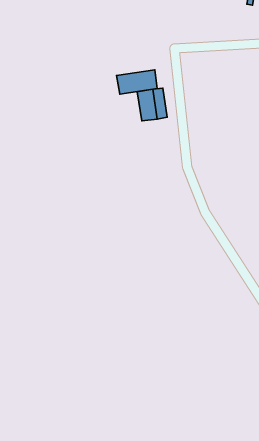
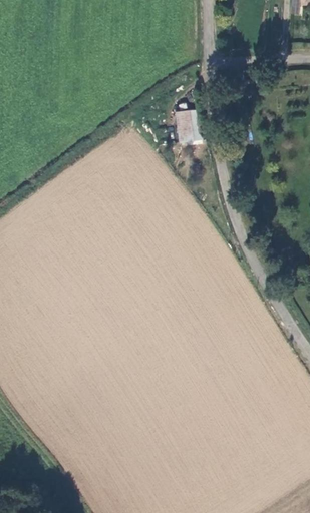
building: [116,70,157,94] -> none

